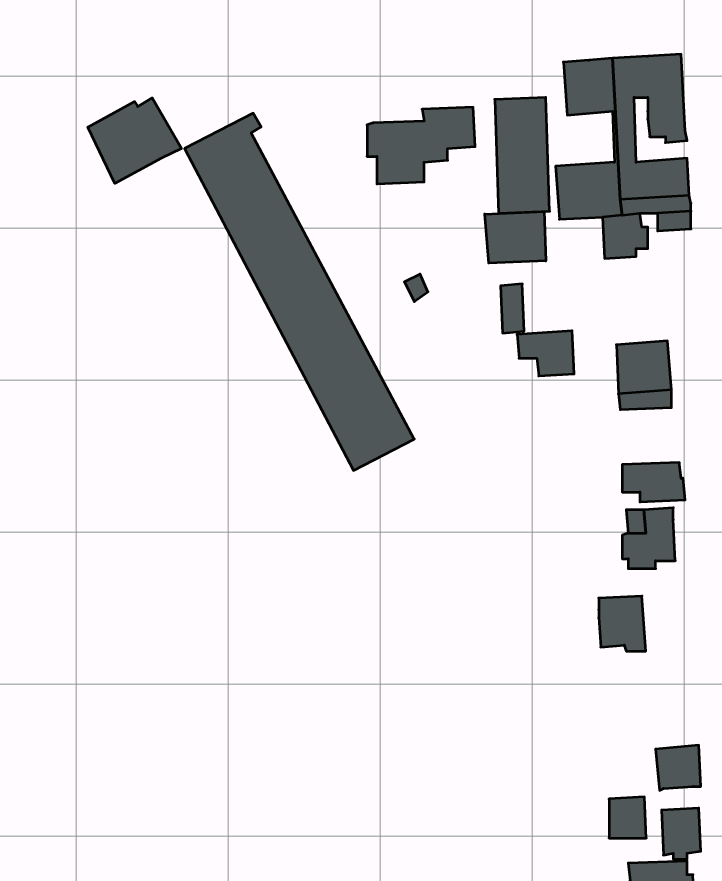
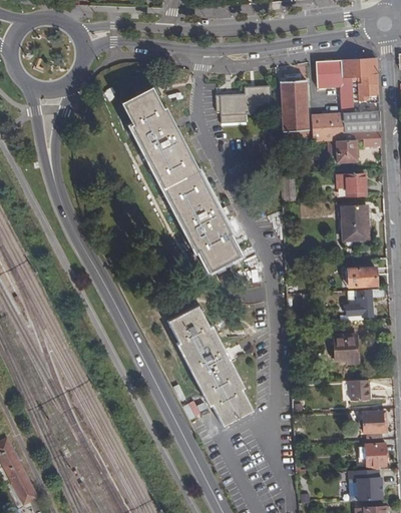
building: [88,98,181,183] -> none
building: [485,212,546,263] -> none
building: [517,331,574,376] -> [337,172,366,195]
building: none -> [170,309,254,427]
building: [609,797,646,838] -> [350,380,369,401]

